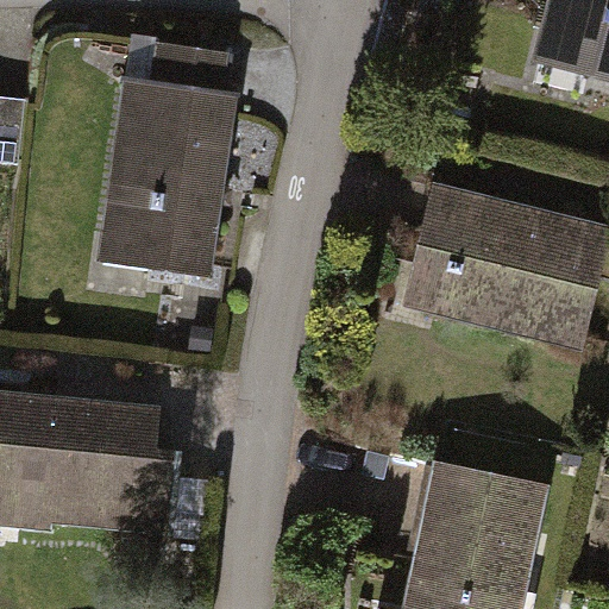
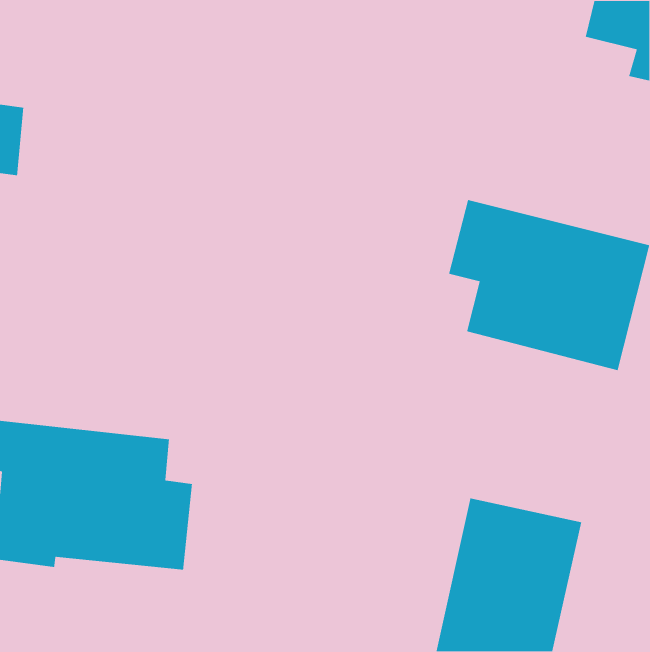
building: [102,43,232,271] -> none

